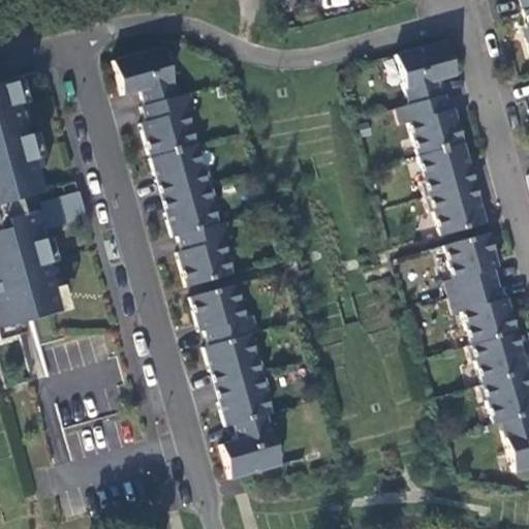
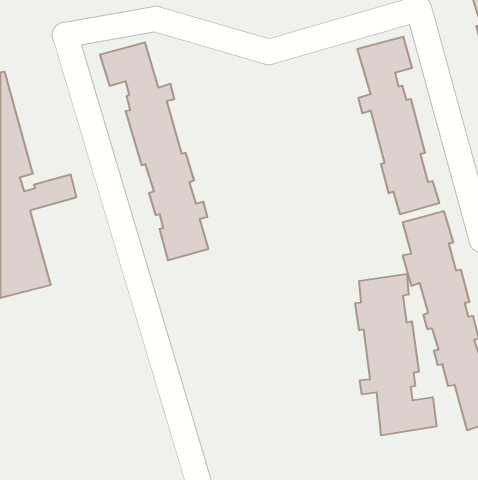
building: [191,284,281,477] -> none
building: none -> [355,274,436,435]

